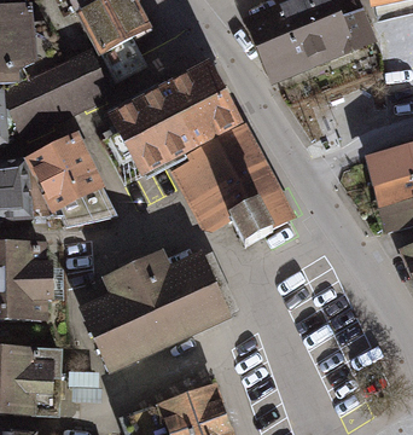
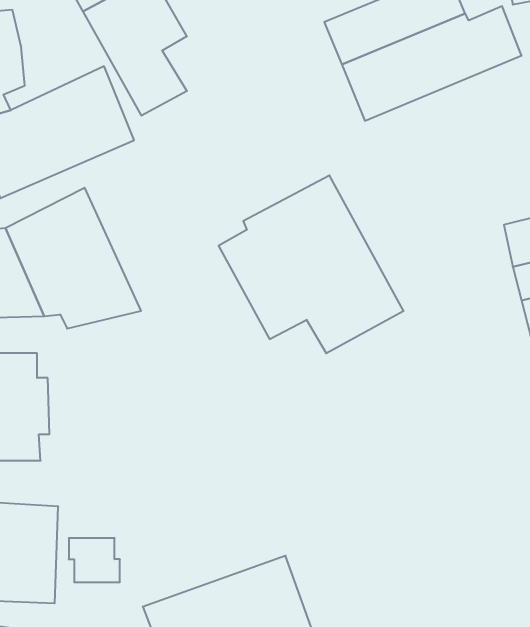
building: [106,59,242,175] -> none
building: [77,248,231,372] -> none

